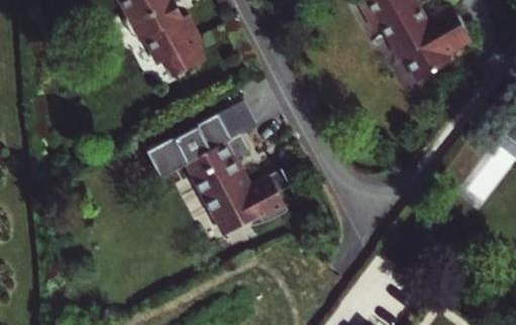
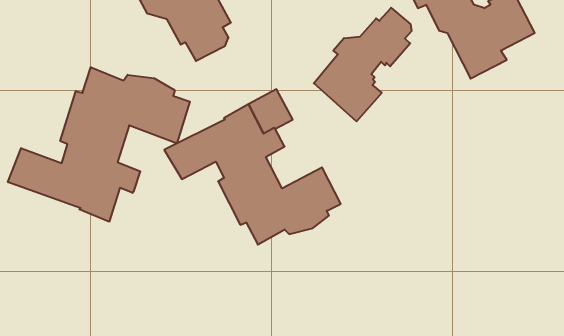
building: none -> [314,8,411,121]
building: none -> [8,67,190,222]

